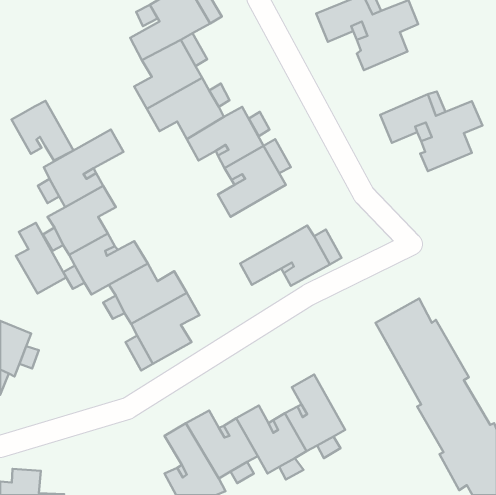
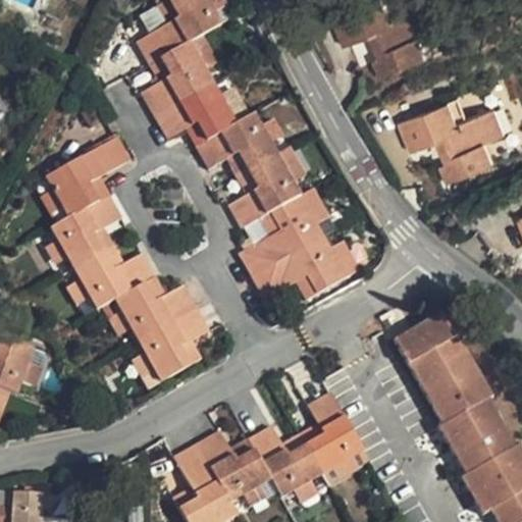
building: [11,101,74,161] -> none
building: none -> [240,188,329,276]
building: [16,223,66,293] -> none

